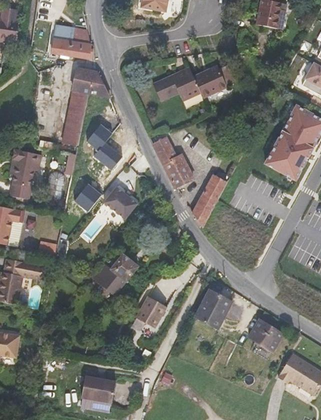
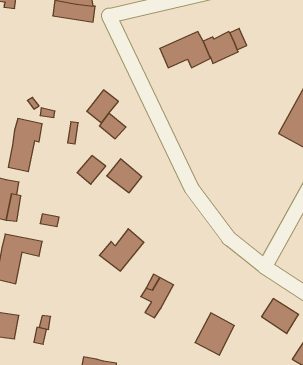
building: [61,67,110,145] -> none
building: [152,137,193,187] -> none
building: [192,174,226,226] -> none
building: [194,289,231,329] -> [195,313,234,355]

